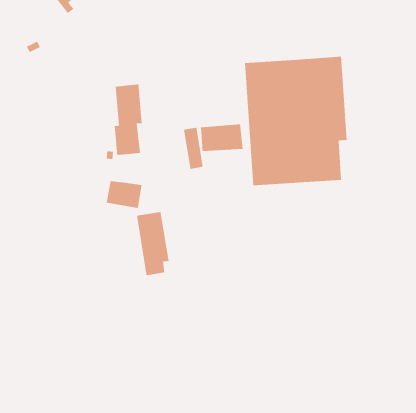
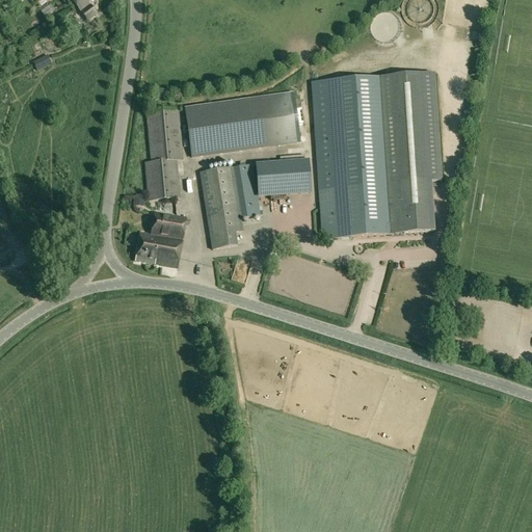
building: none -> [185,90,299,155]
building: none -> [151,210,186,236]
building: [136,211,169,276] -> [200,165,242,247]

